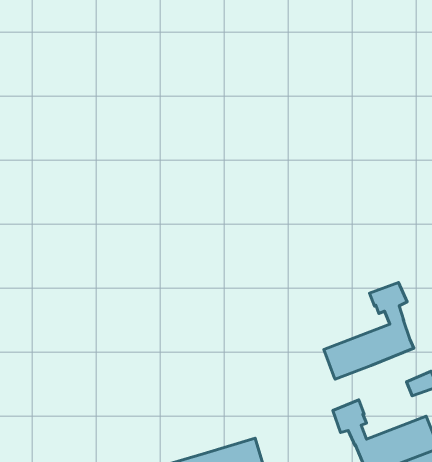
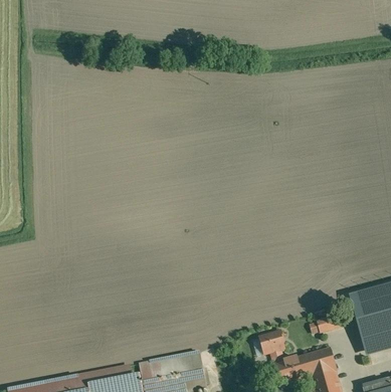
building: [324,282,414,379] -> none

